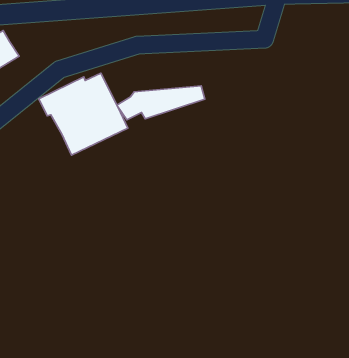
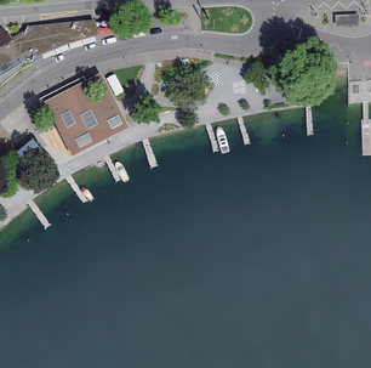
building: [117,86,205,120] -> [10,24,97,58]

